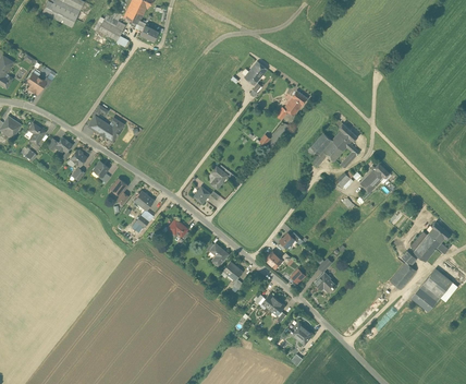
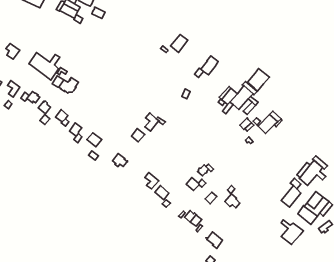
building: none -> [29,52,60,80]
building: none -> [247,68,269,91]
building: none -> [281,220,303,244]

